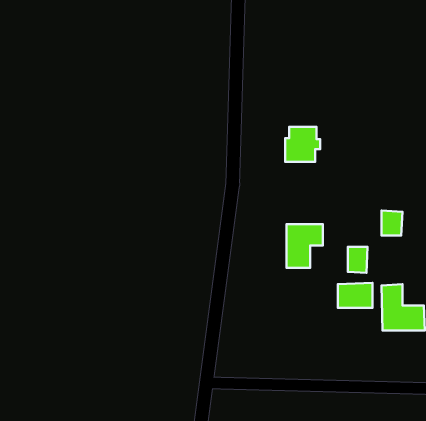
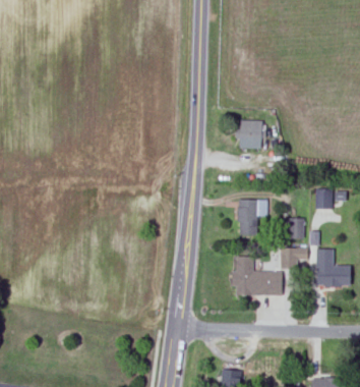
building: none -> [231,256,282,295]

